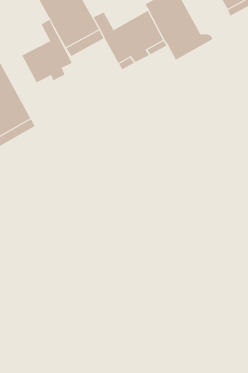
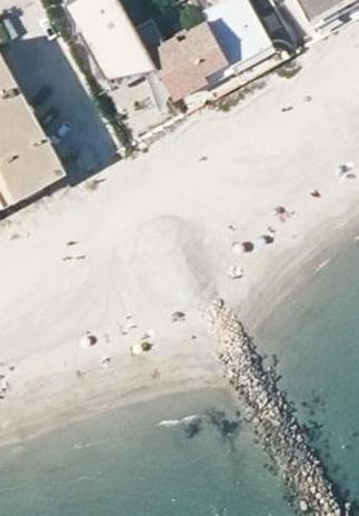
building: [21,19,73,83] -> none

